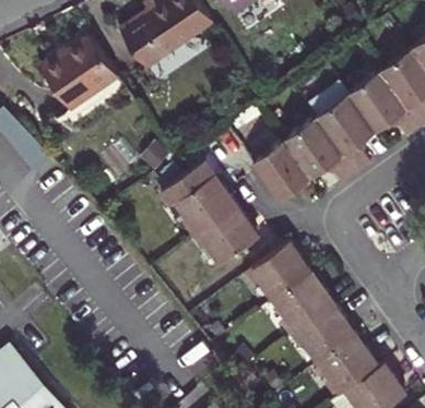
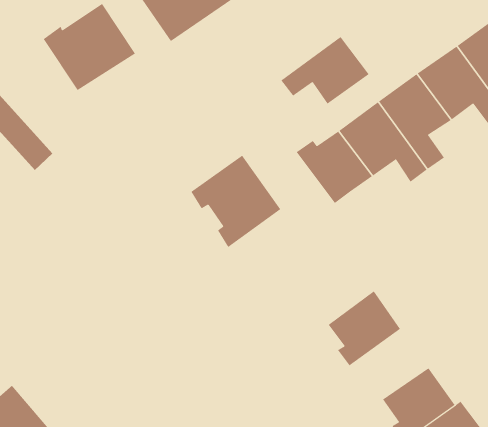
building: none -> [280,36,370,104]
building: [191,206,257,265] -> none
building: [246,242,311,301] -> none
building: [291,304,356,362] -> none

